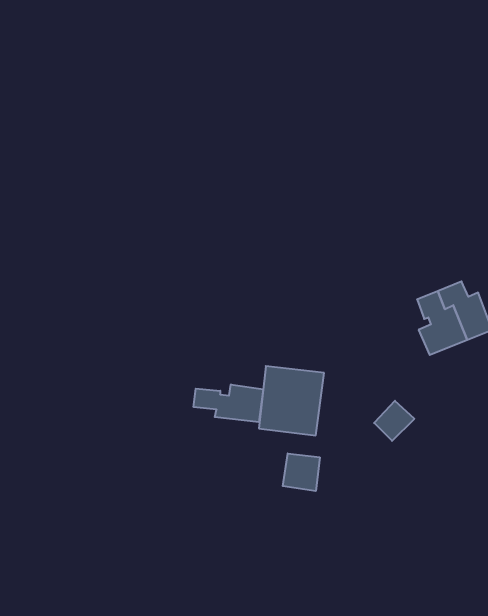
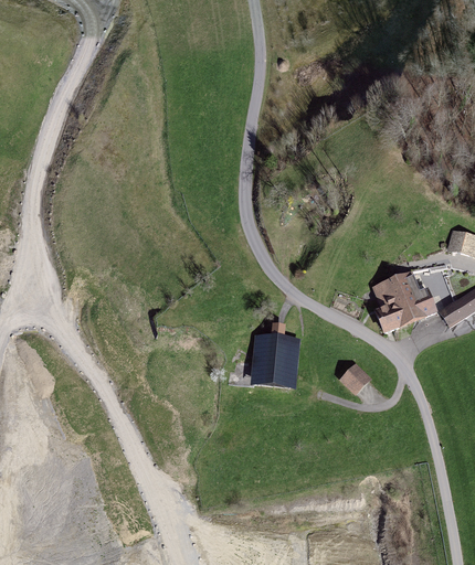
building: [194,384,263,422] -> none
building: [283,453,320,491] -> none

